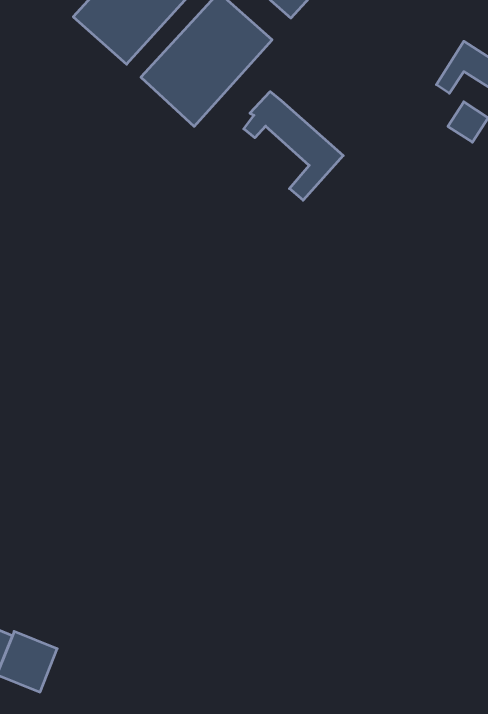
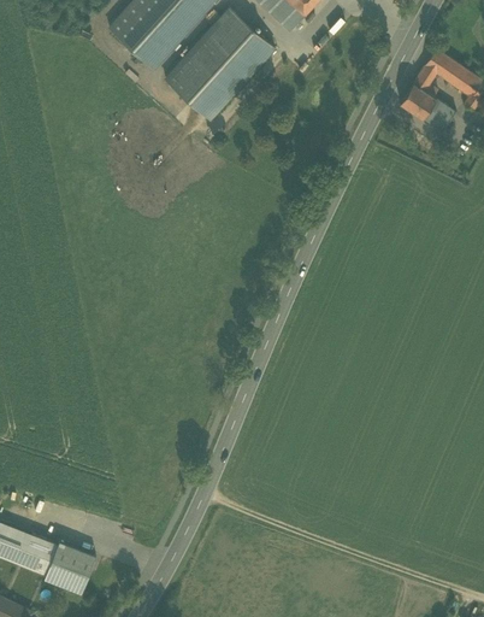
building: none -> [397,86,433,121]
building: [244,92,343,200] -> none

